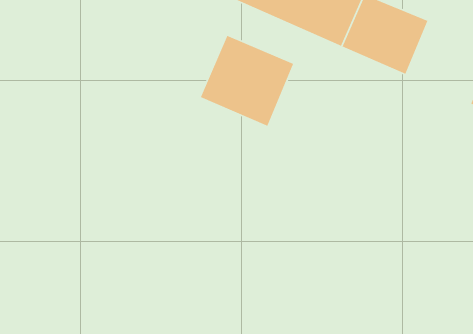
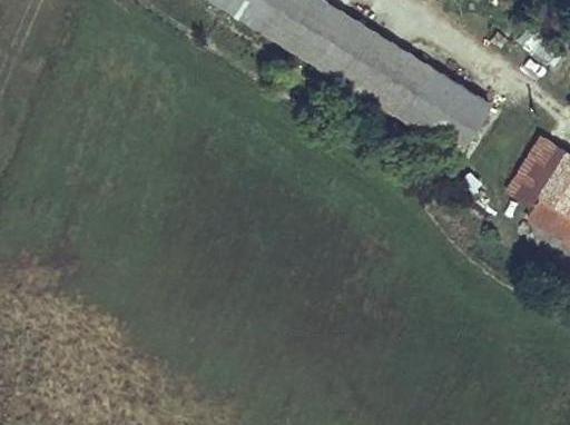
building: [200,35,294,127] -> none

